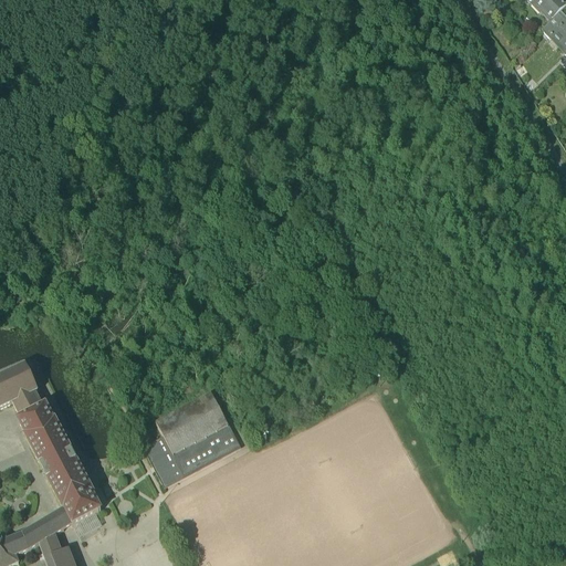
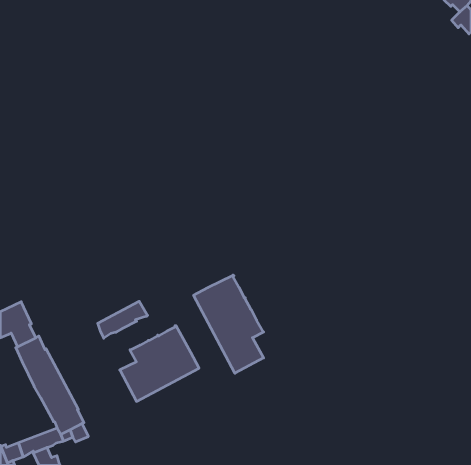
building: none -> [194,275,264,373]
building: none -> [98,301,148,338]

